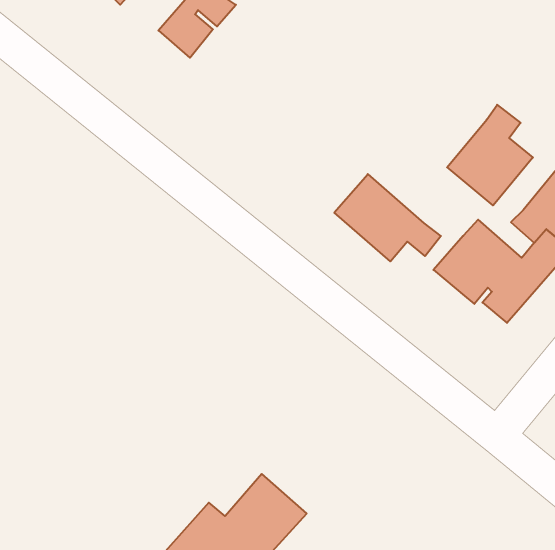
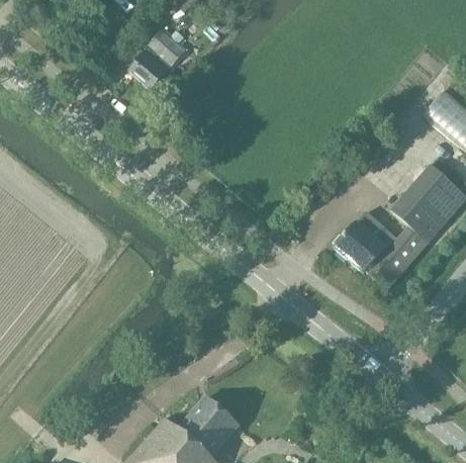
building: [447,105,533,205] -> none
building: [334,174,441,261] -> none

